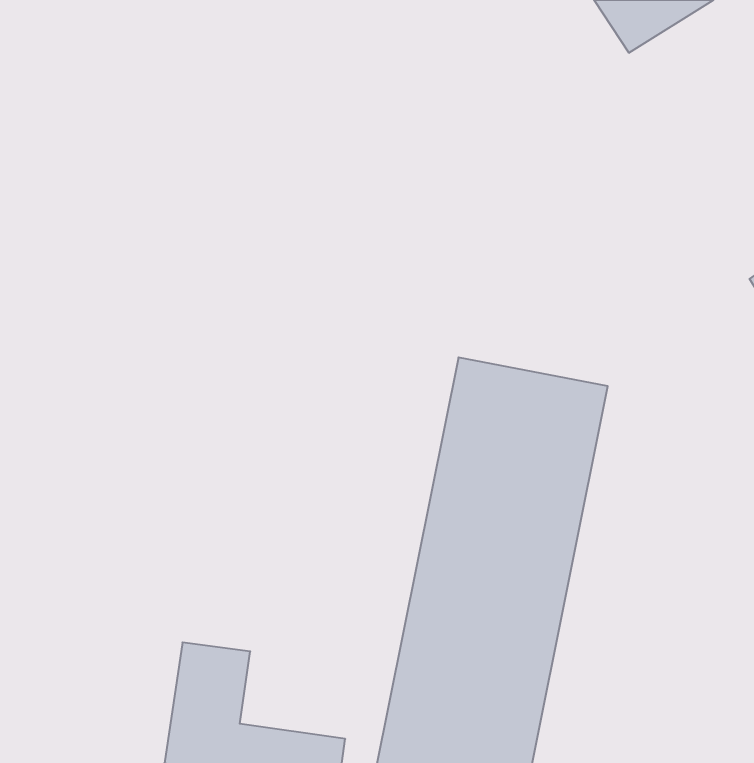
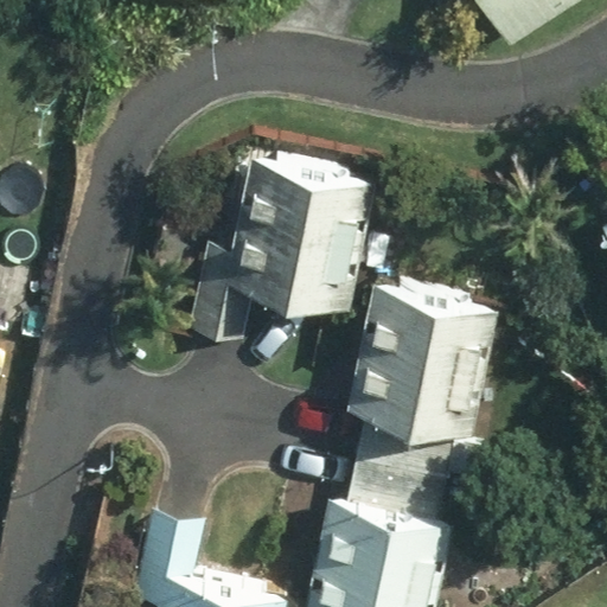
building: none -> [196,153,369,337]

